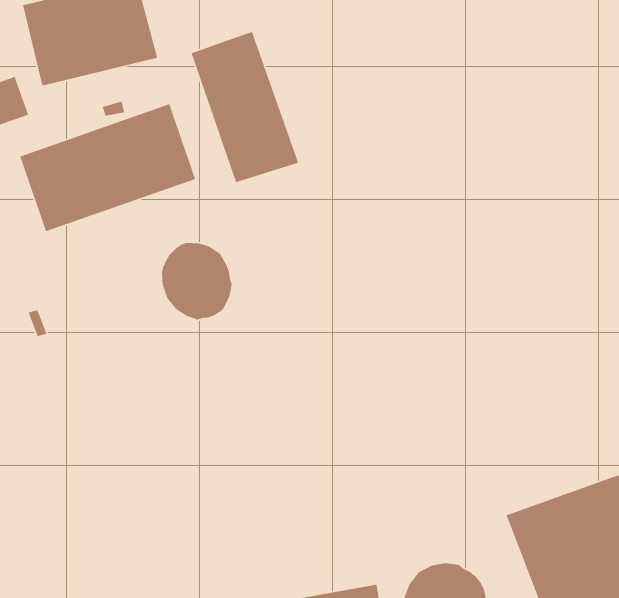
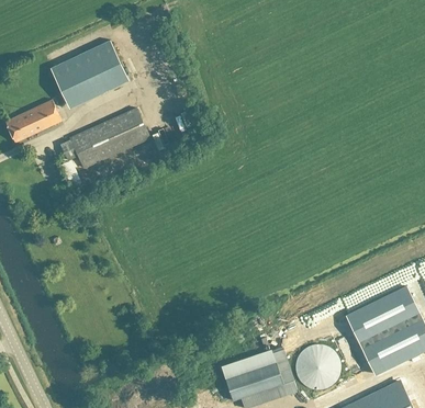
building: [190,31,299,183] -> none
building: [161,242,233,320] -> none

